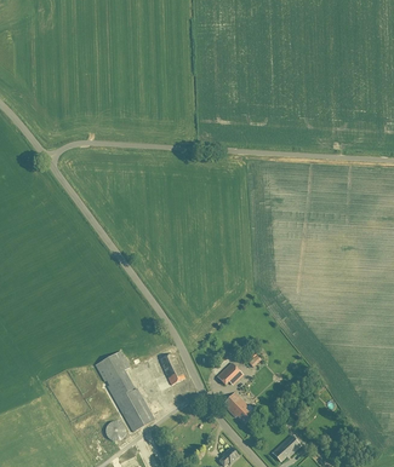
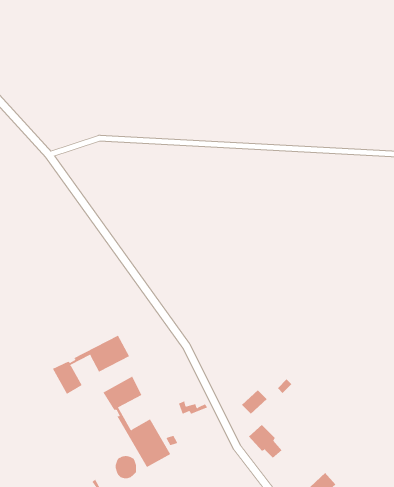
building: none -> [52,335,130,395]

